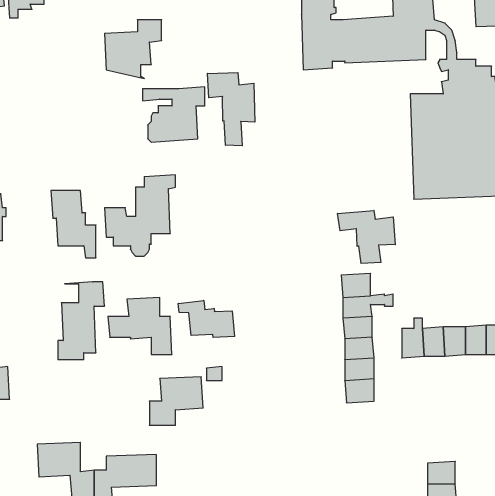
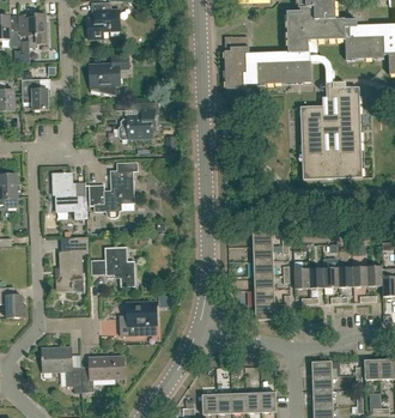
building: none -> [22,79,48,110]
building: [207,73,255,146] -> none
building: [338,210,395,263] -> none
building: [178,300,235,337] -> none

